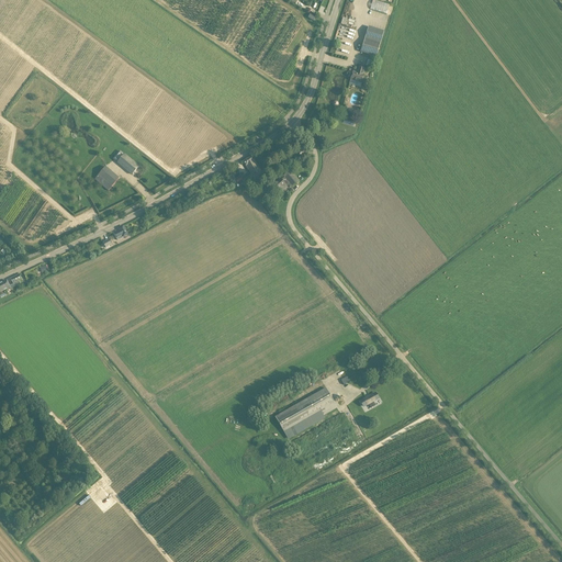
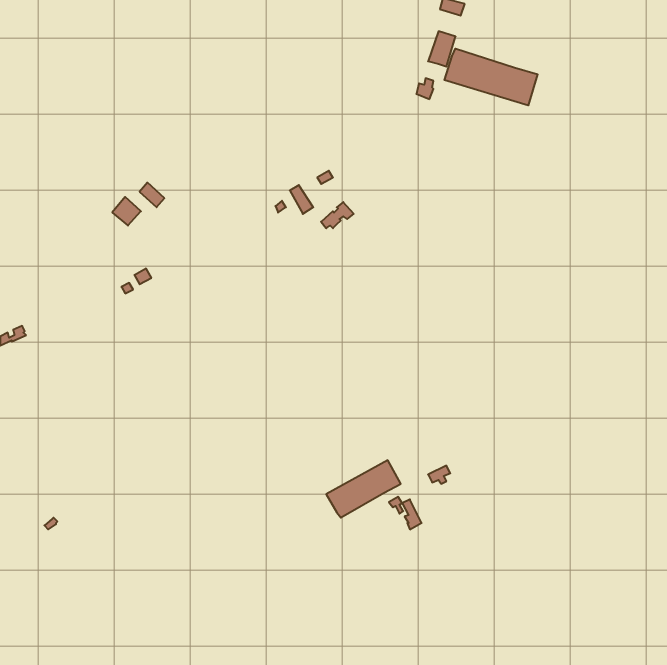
building: none -> [444,49,538,105]

